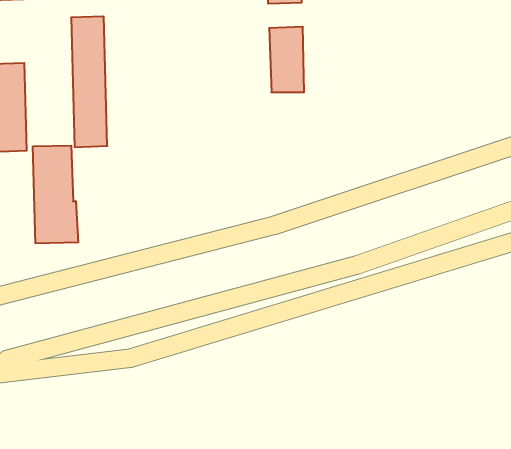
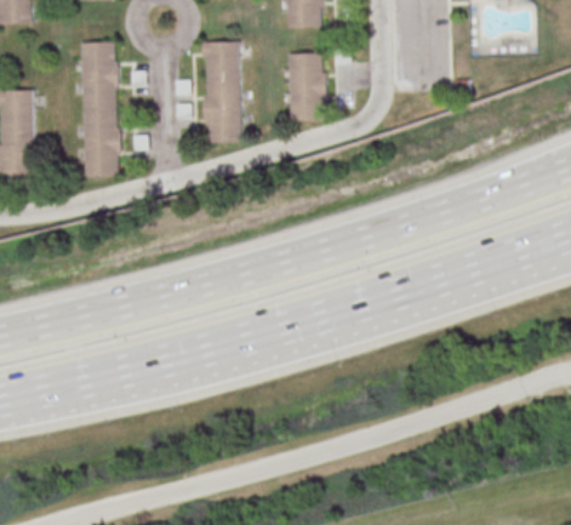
building: none -> [204,40,240,142]
building: [33,146,78,243] -> none

